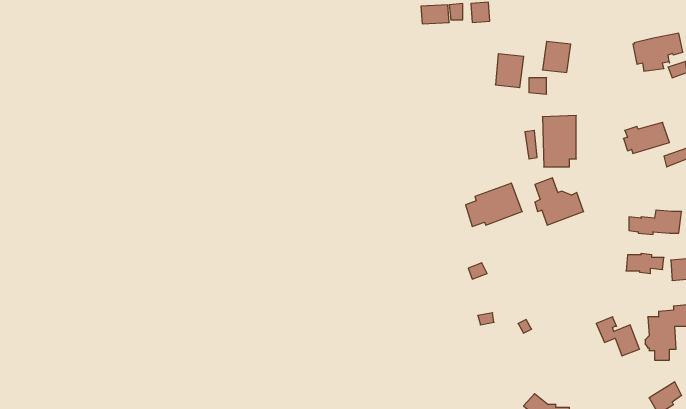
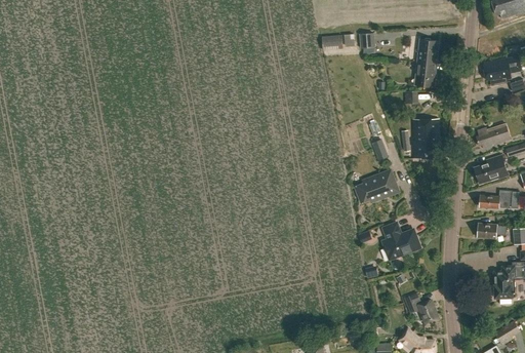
building: [495,54,524,88] -> [417,39,439,65]
building: none -> [474,156,508,184]
building: [535,178,584,225] -> [383,223,420,259]
building: [596,317,640,356] -> [405,293,438,323]

